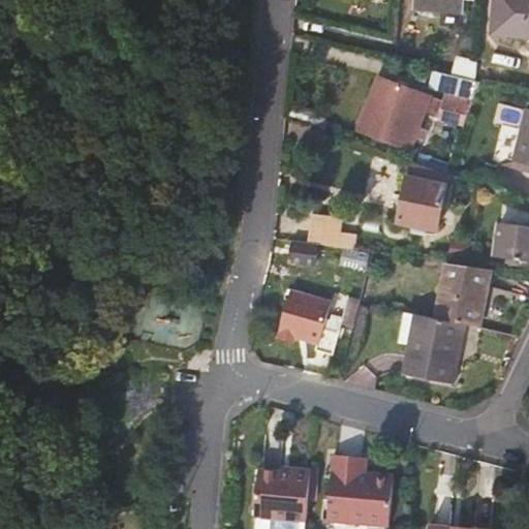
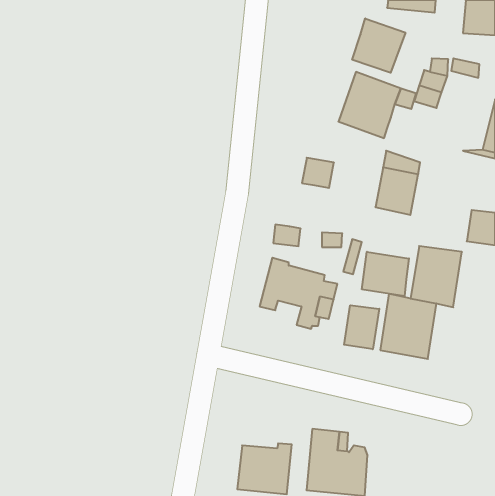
building: none -> [352,18,405,73]
building: [308,215,342,247] -> [302,158,334,188]
building: none -> [362,252,409,296]
building: none -> [344,305,379,349]

